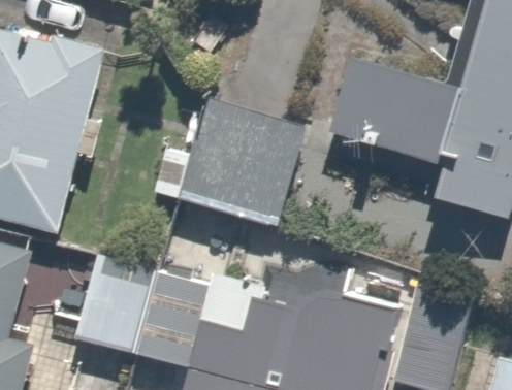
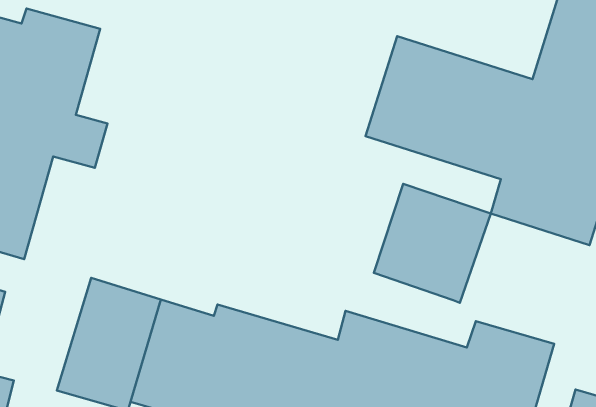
building: [169,98,306,229] -> none
building: none -> [374,184,491,303]

